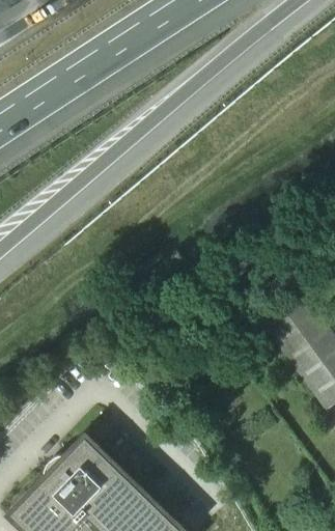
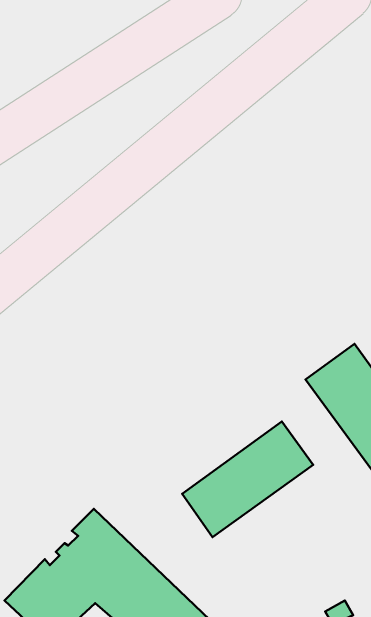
building: none -> [182,421,313,537]

